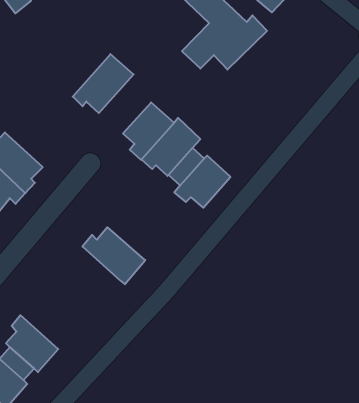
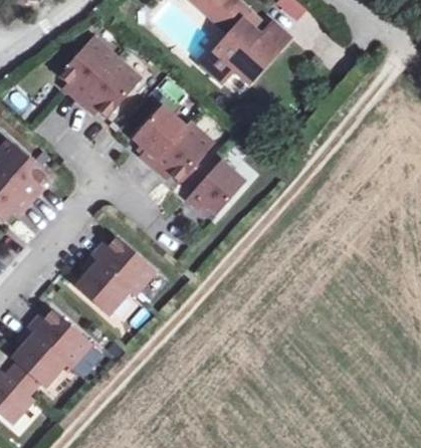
building: none -> [60,35,120,101]
building: none -> [75,257,130,315]
building: none -> [26,308,91,368]

